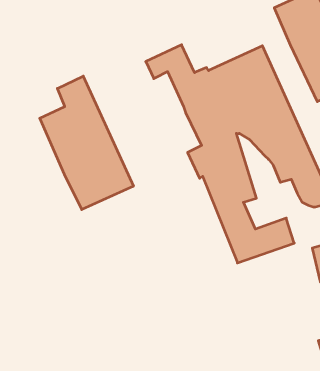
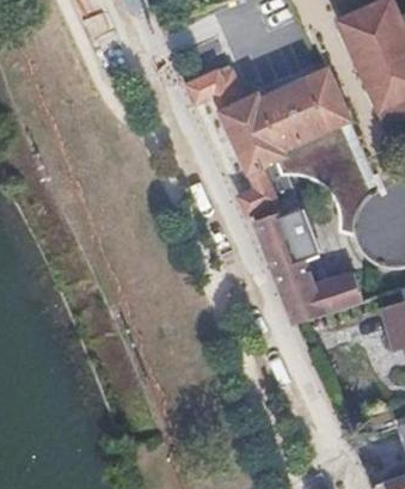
building: [40,76,133,210] -> none

